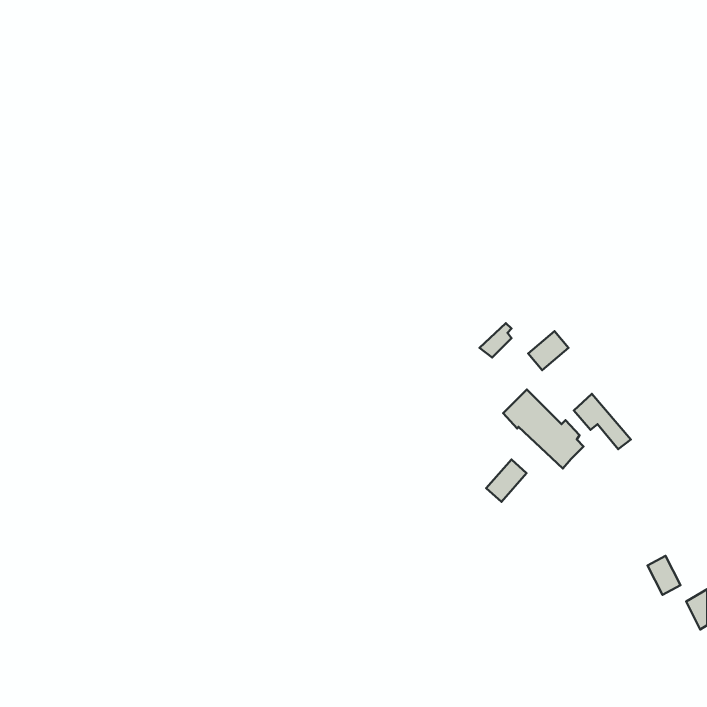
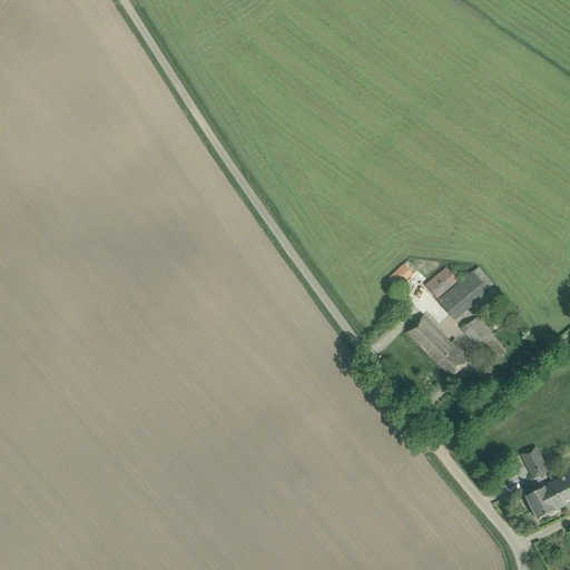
building: none -> [438,266,492,320]
building: [486,459,527,502] -> none
building: none -> [524,483,562,519]

